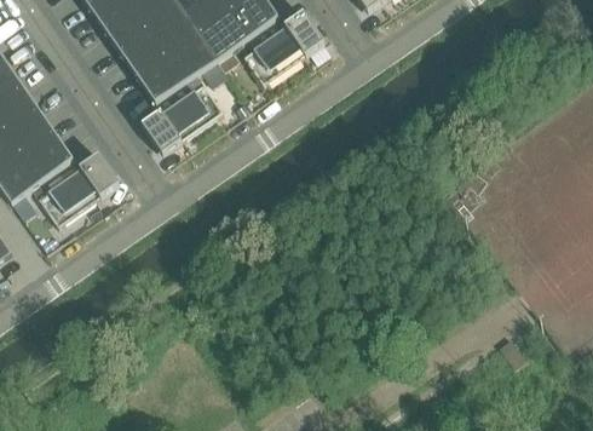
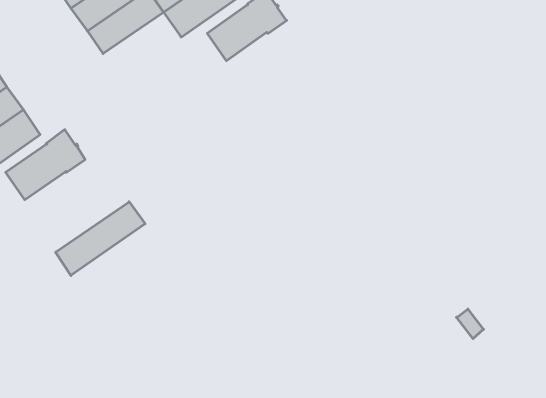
building: [136,31,215,99] -> none
building: [140,81,221,151] -> none
building: none -> [56,202,145,276]

